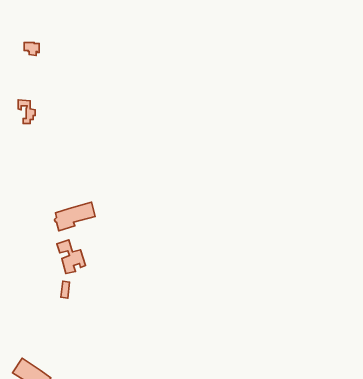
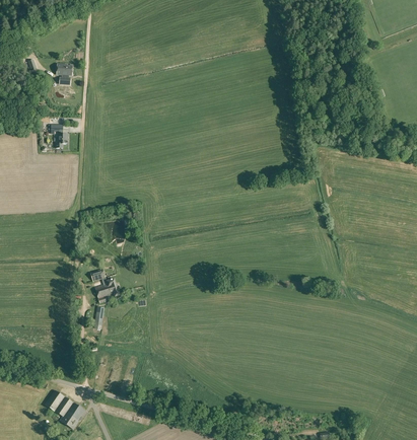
building: [54,202,95,231] -> none

